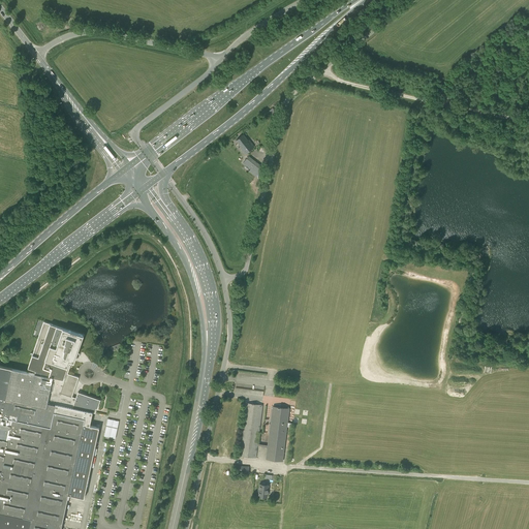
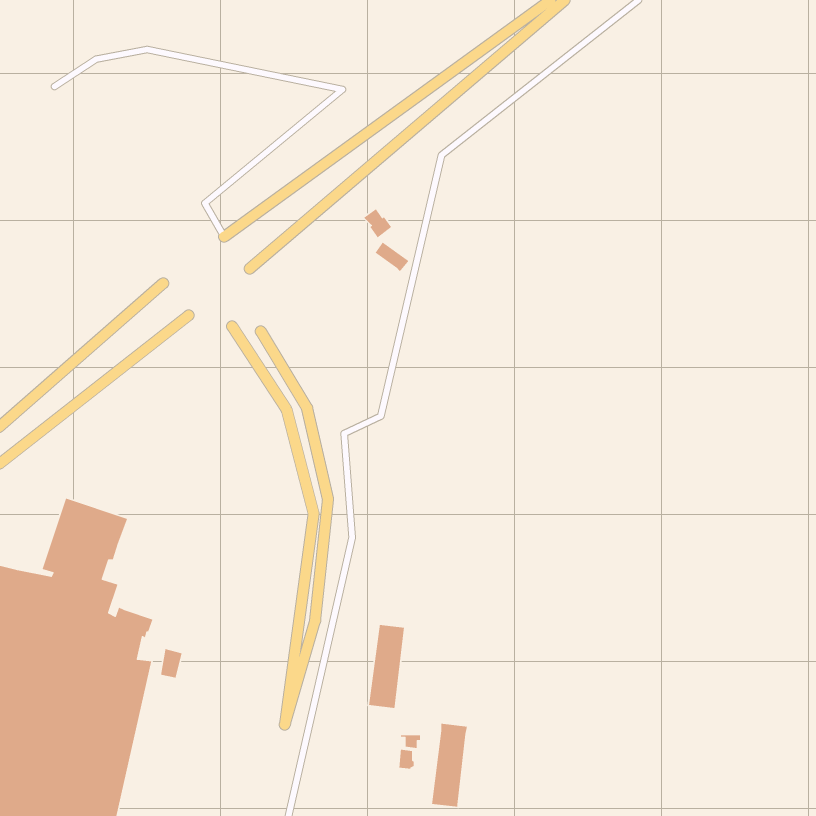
building: [264,407,288,462] -> [431,723,468,808]

